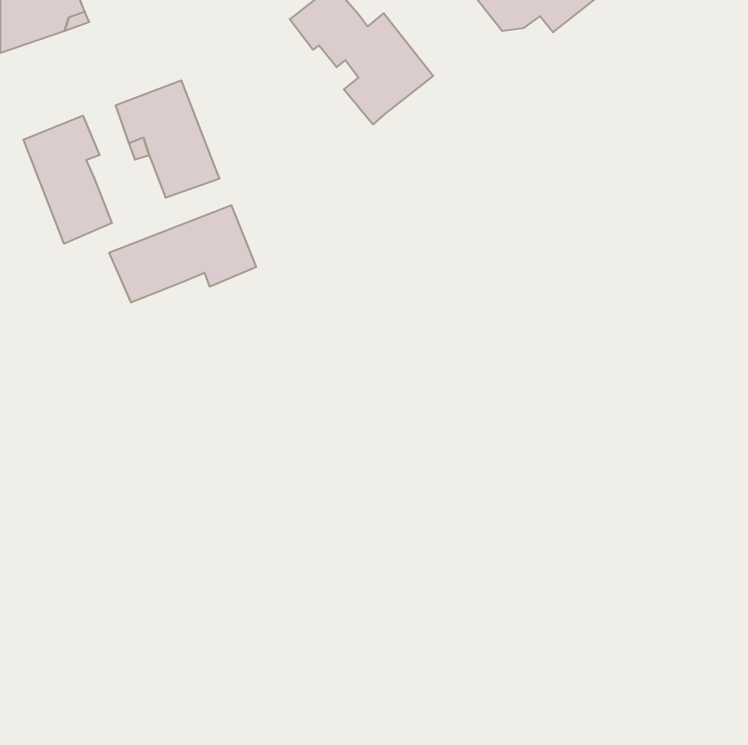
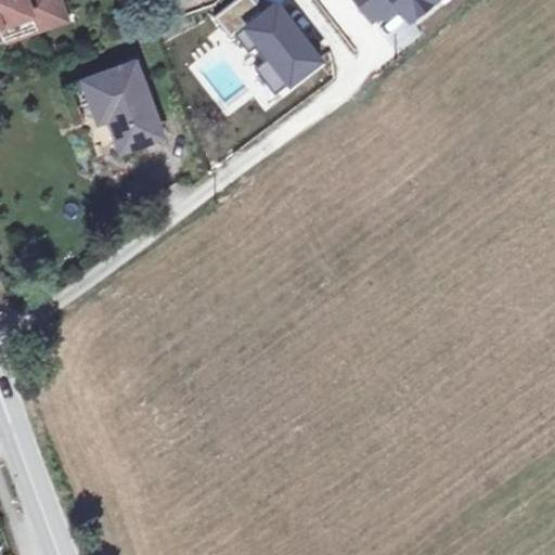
building: [24,116,112,244] -> none
building: [109,205,256,303] -> none

